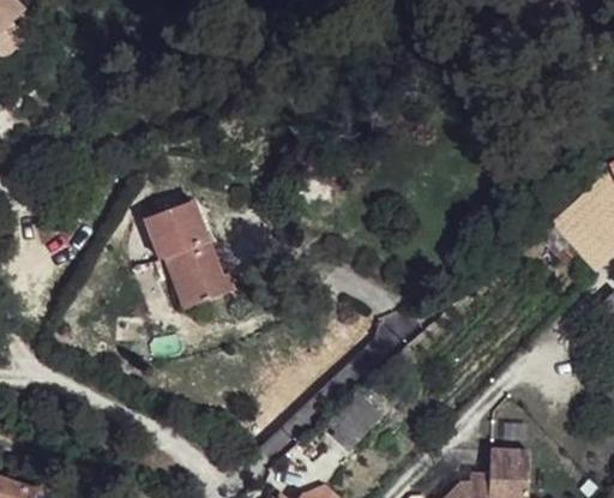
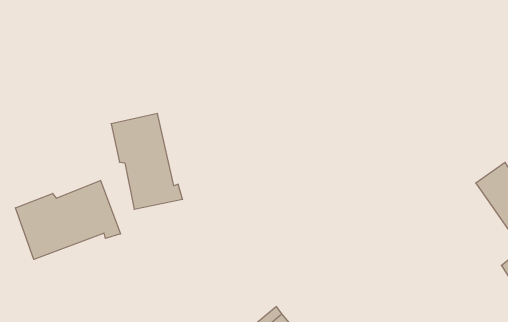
building: none -> [15,180,121,259]

